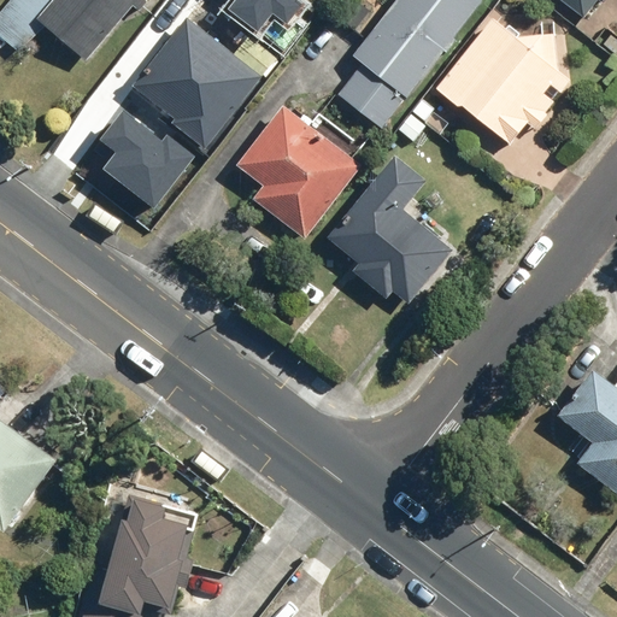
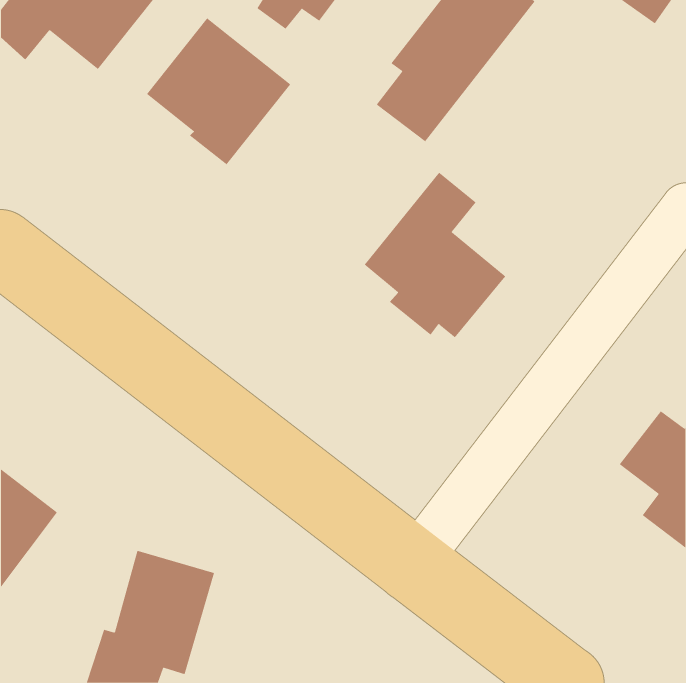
building: [434,17,571,146] -> none
building: [235,104,363,240] -> none
building: [101,110,193,204] -> none

